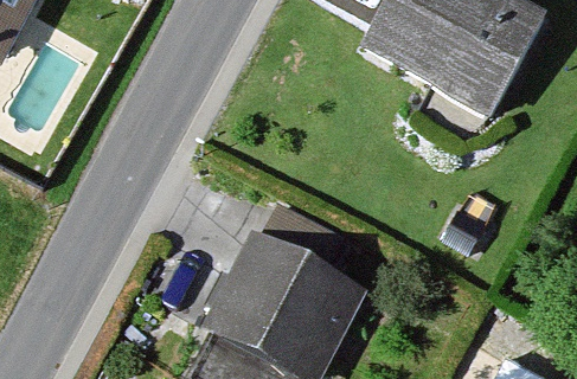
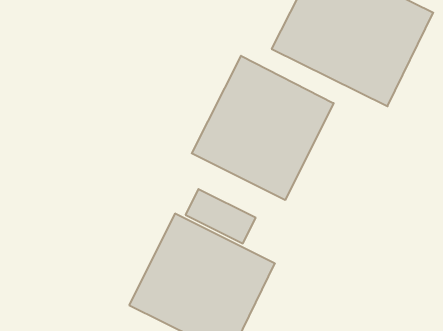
building: none -> [192,56,334,200]

